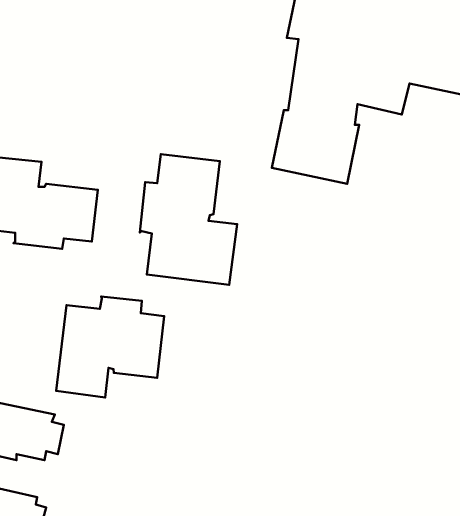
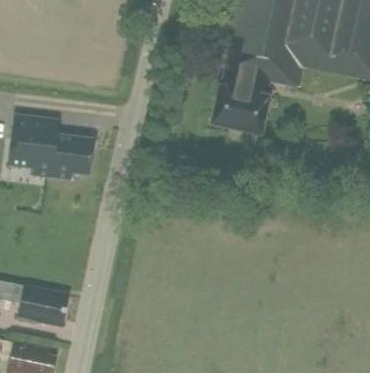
building: [140,154,237,285] -> none
building: [56,297,164,398] -> none

